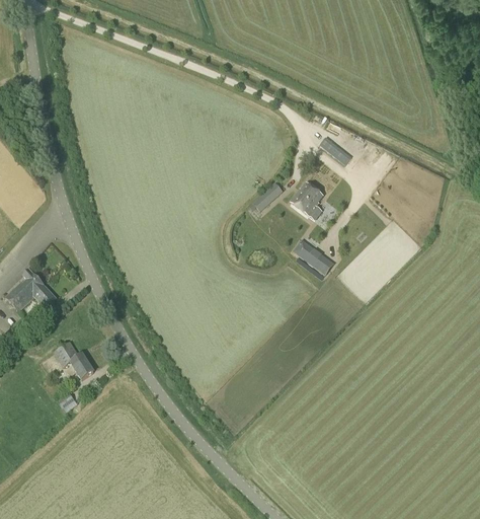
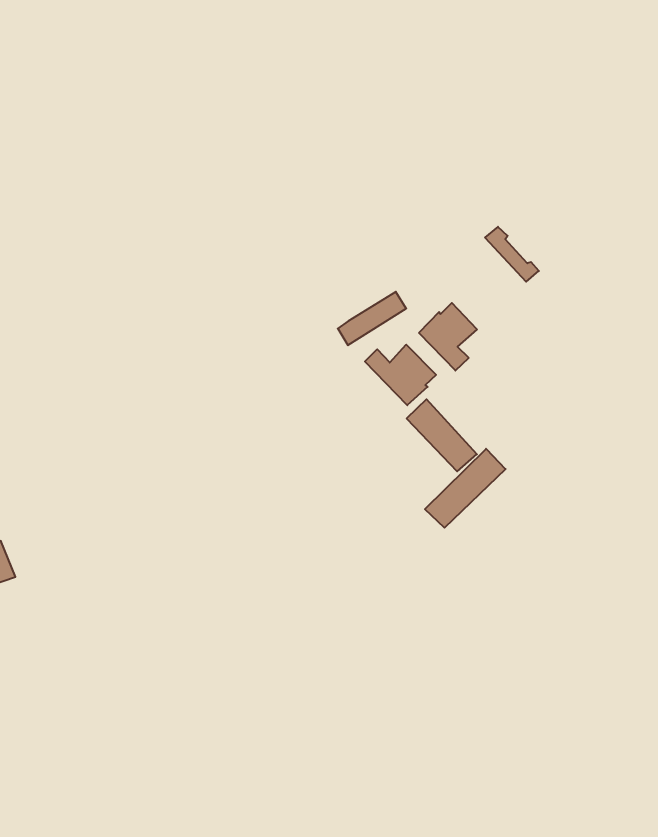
building: none -> [365,345,436,405]
building: none -> [425,449,506,528]

